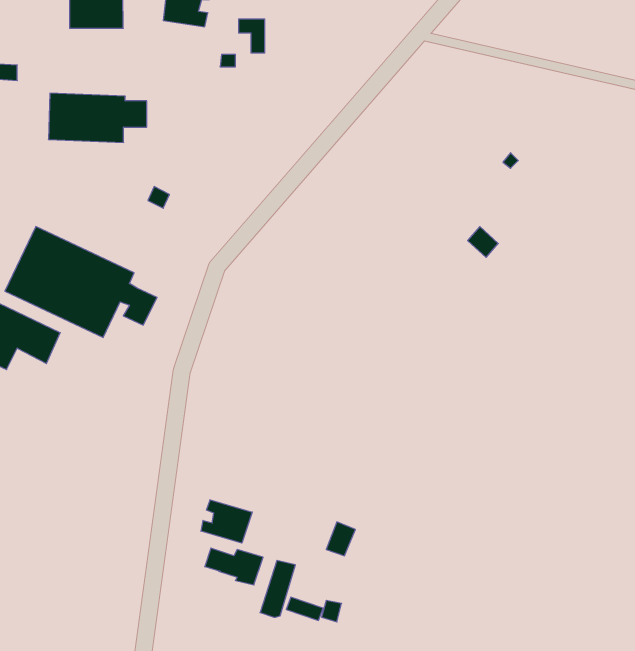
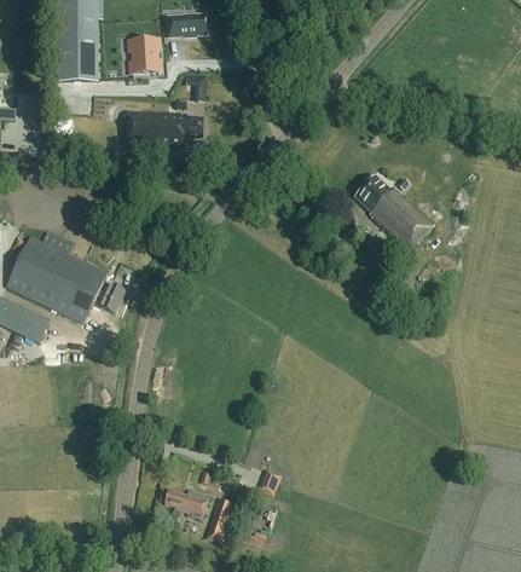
building: [48,93,147,142] -> [125,110,202,149]
building: none -> [353,174,433,250]
building: [201,500,252,543] -> none

